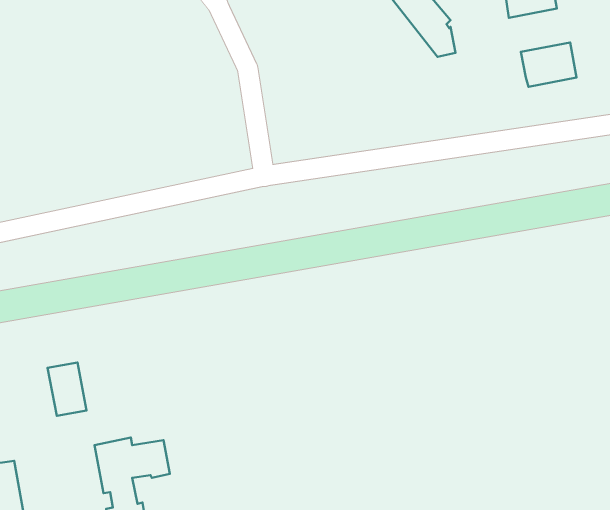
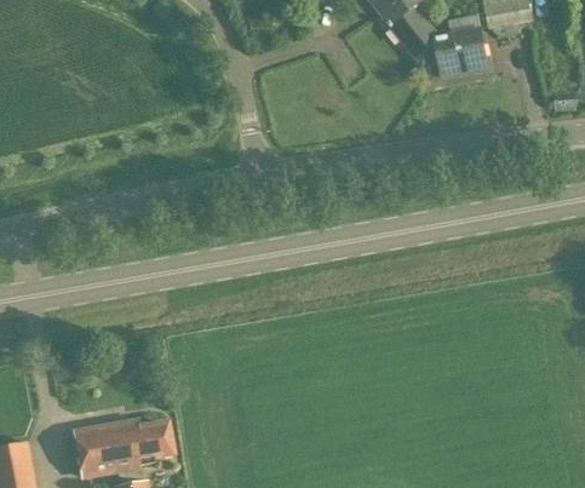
building: [521,43,577,87] -> [435,28,487,69]
building: [48,363,87,416] -> [75,426,111,476]

